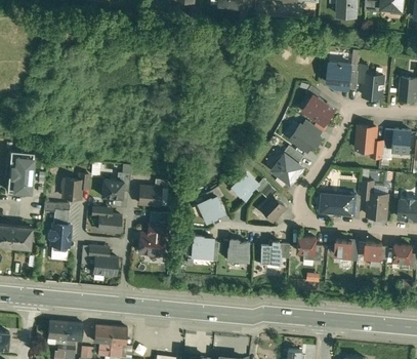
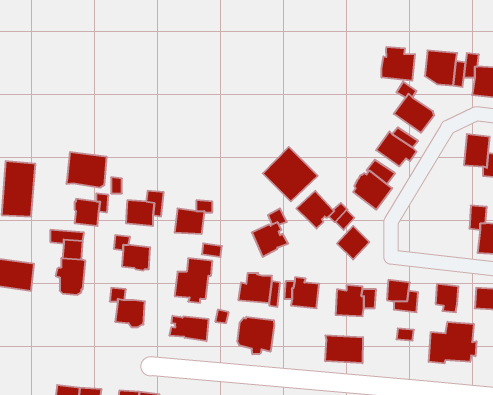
building: none -> [381,47,415,81]
building: none -> [263,147,318,201]
building: none -> [67,152,107,188]
building: [320,194,355,216] -> none
building: none -> [169,316,208,341]
building: none -> [237,317,274,354]
building: none -> [429,322,477,363]
building: none -> [325,335,363,363]

